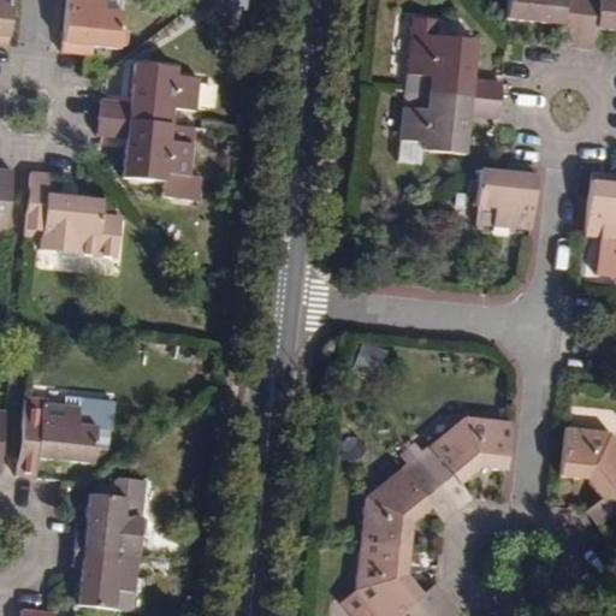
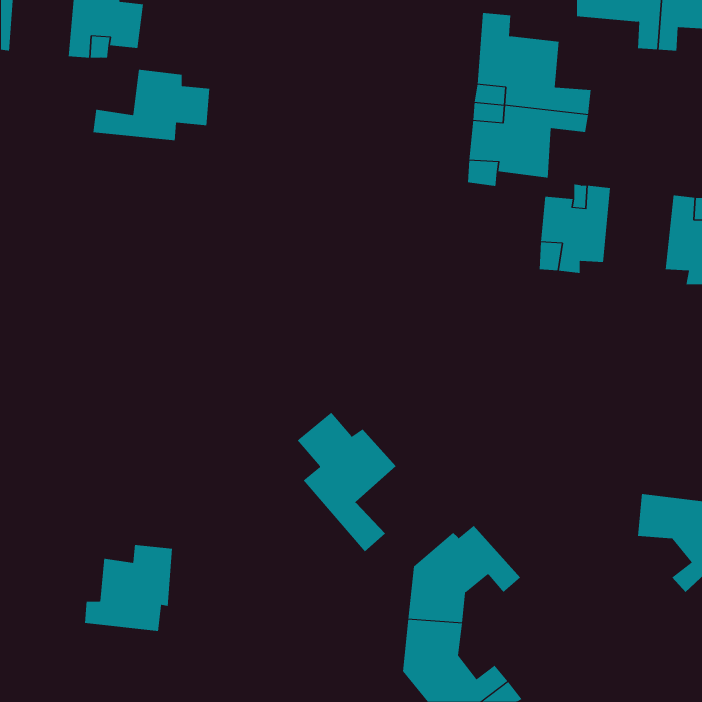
building: [83,116,179,200] -> none
building: [26,172,126,260] -> none
building: none -> [297,412,397,552]
building: [19,395,100,474] -> none
building: [416,414,510,503] -> none
building: [75,543,144,606] -> none

